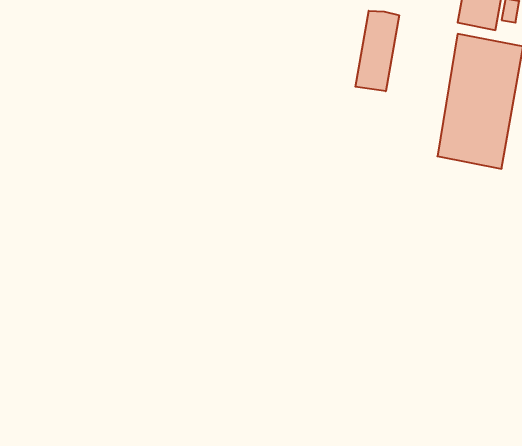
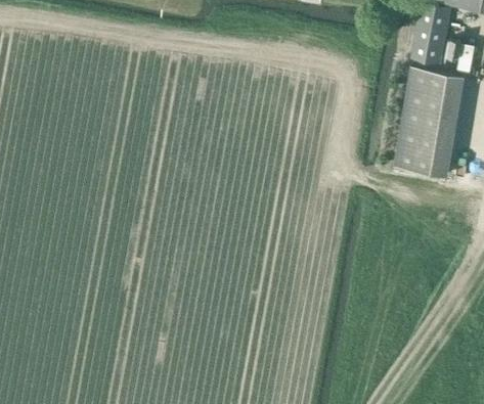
building: [355,11,399,91] -> none

